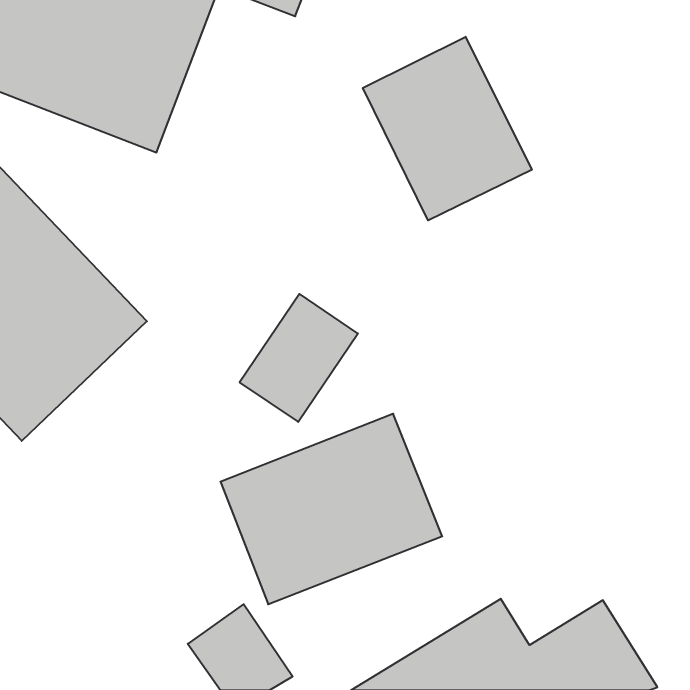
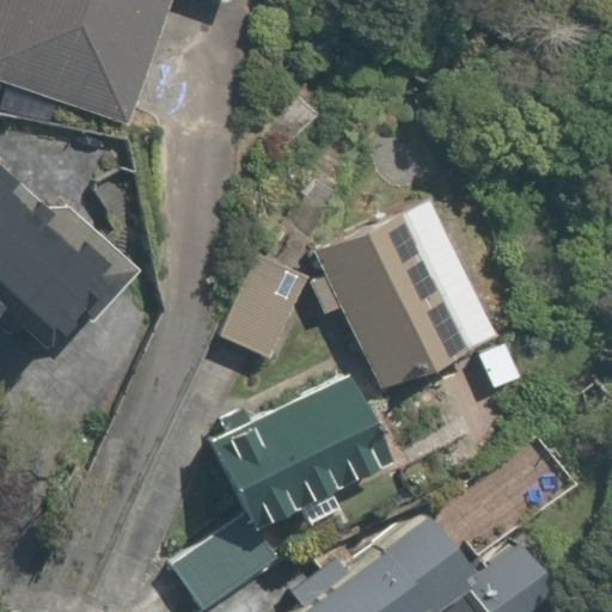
building: [363,37,532,220] -> none
building: none -> [306,180,514,411]

